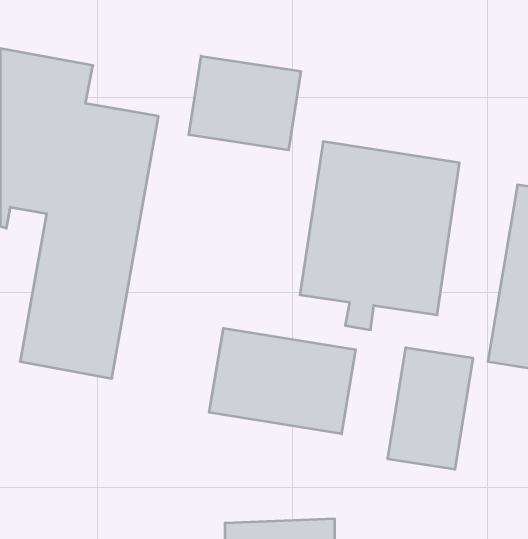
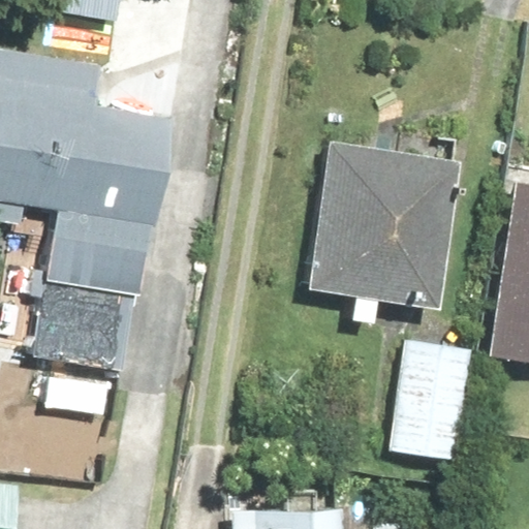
building: [189,56,301,150] -> none
building: [209,328,356,434] -> none

